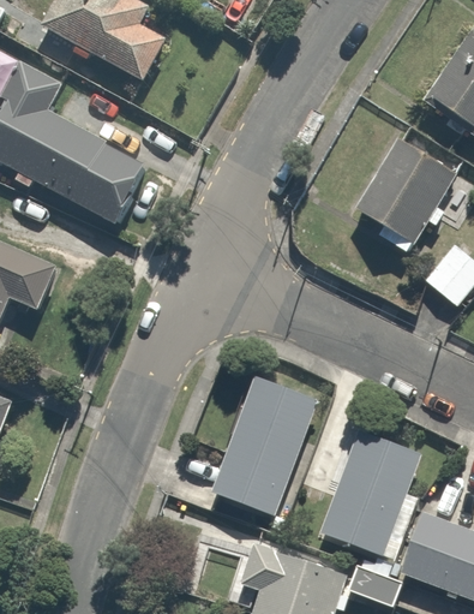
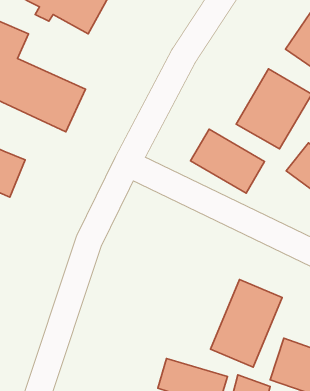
building: none -> [191,129,264,193]
building: [210,377,314,512] -> none

